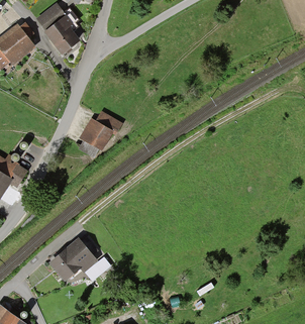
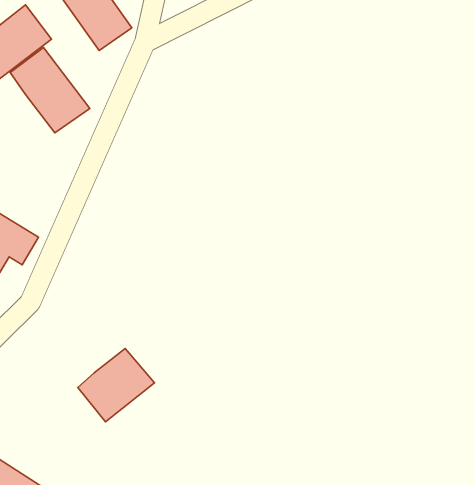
building: none -> [10,47,90,133]
building: [80,111,123,150] -> none

